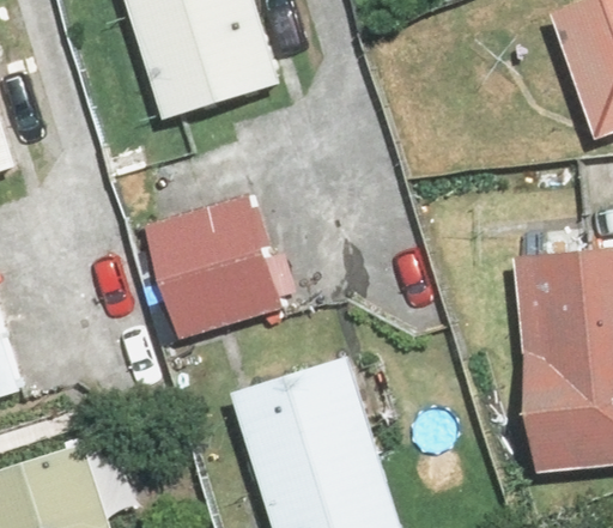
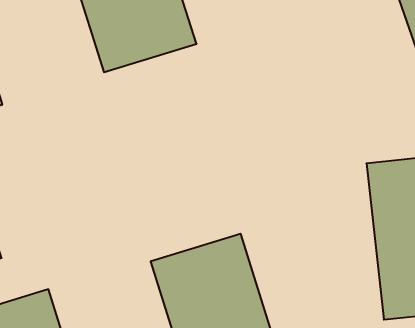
building: [139,189,287,344] -> none

